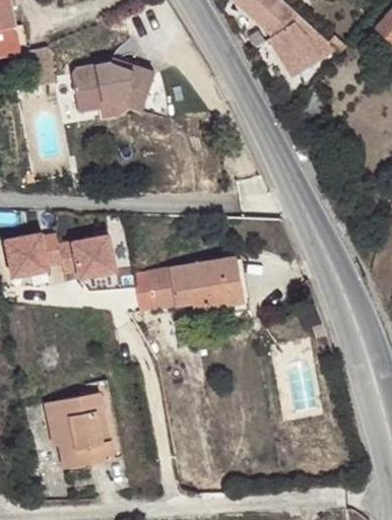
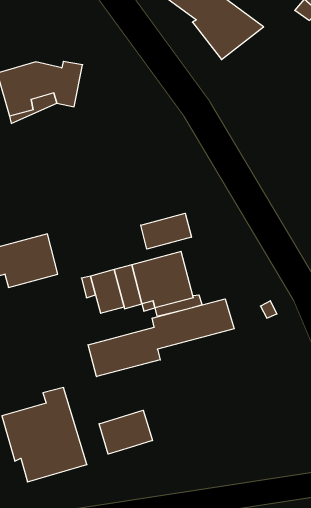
building: none -> [141,213,191,249]
building: none -> [88,299,234,377]
building: none -> [99,410,152,454]

